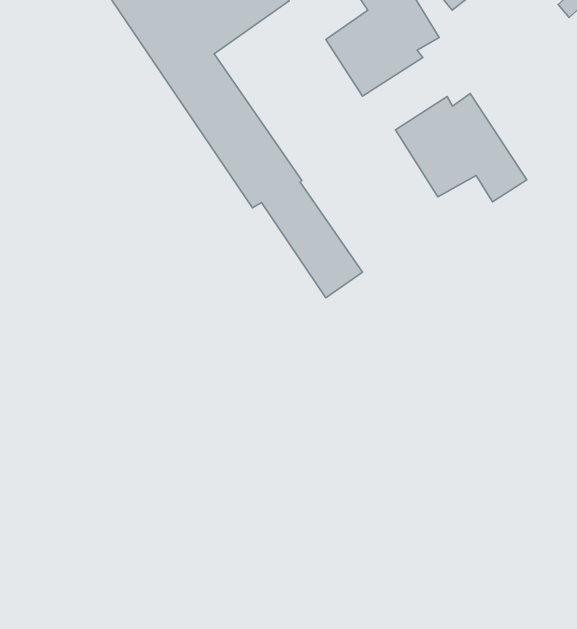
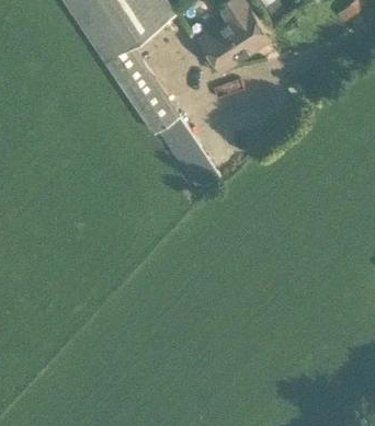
building: [395,93,527,202] -> none

